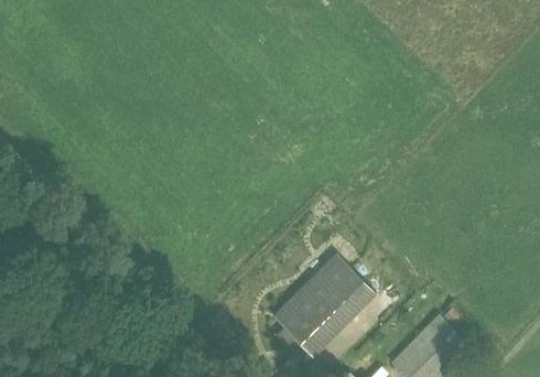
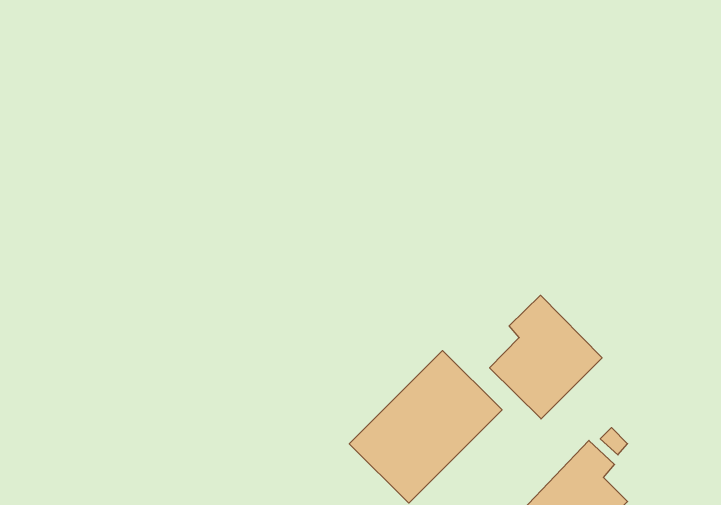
building: none -> [490,295,602,419]

